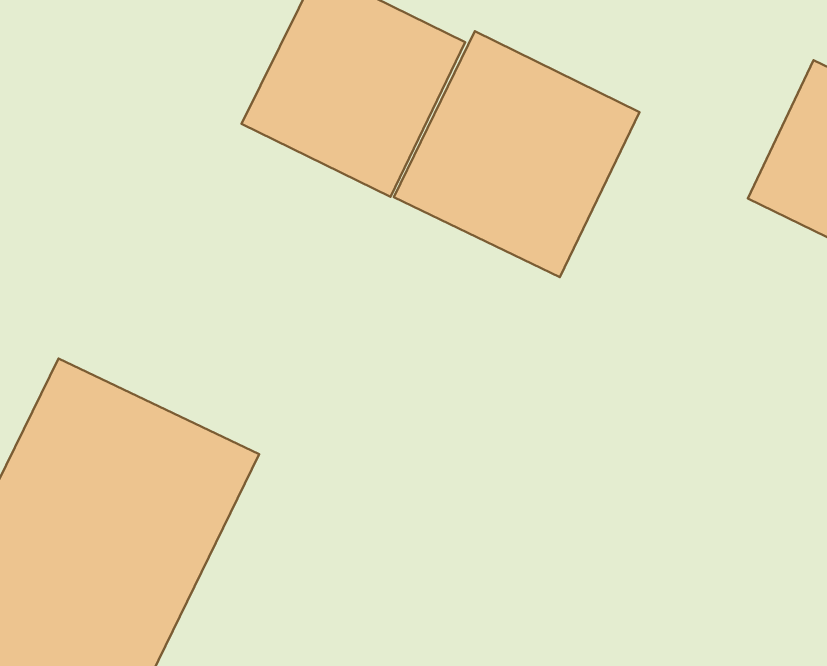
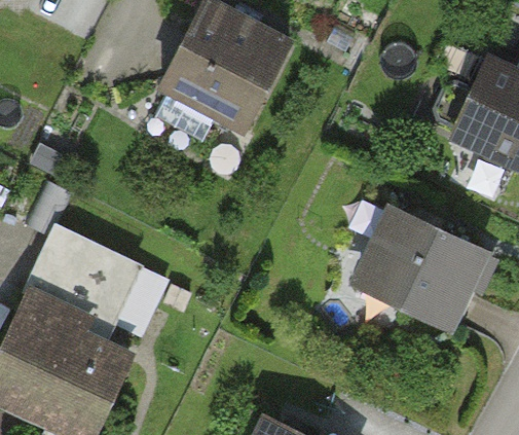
building: [394,31,639,277] -> none
building: none -> [349,209,490,334]

